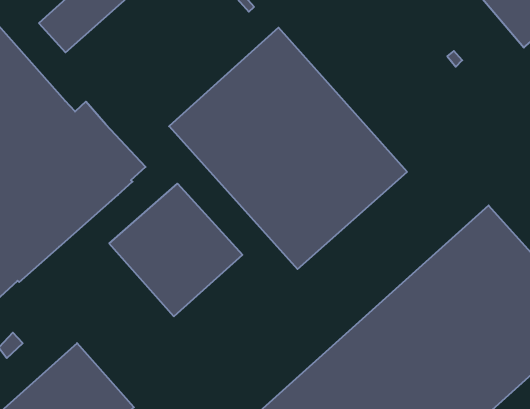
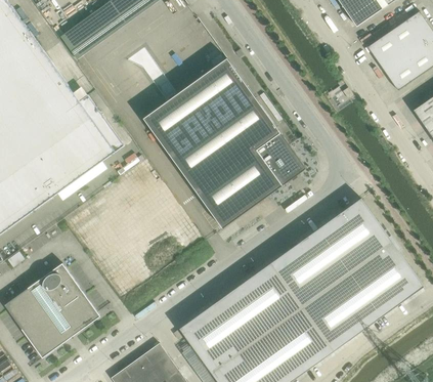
building: [109,184,242,316] -> none

